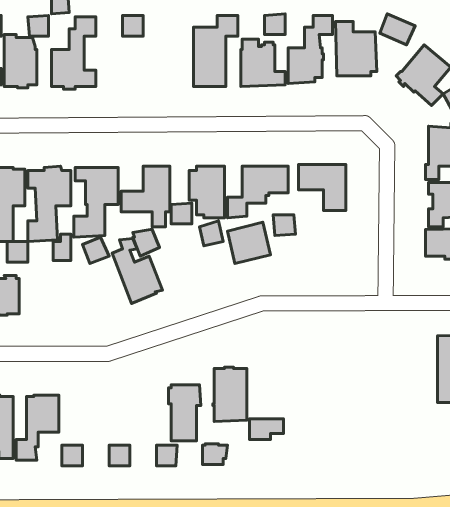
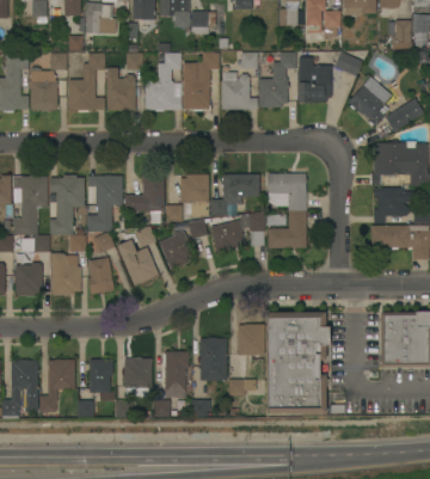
building: none -> [145,53,180,110]
building: none -> [105,68,135,111]
building: none -> [268,210,306,247]
building: none -> [159,231,195,269]
building: none -> [51,253,80,295]
building: none -> [87,257,113,294]
building: none -> [268,312,325,412]
building: none -> [235,324,263,355]
building: none -> [124,357,150,395]
building: none -> [88,360,112,403]

